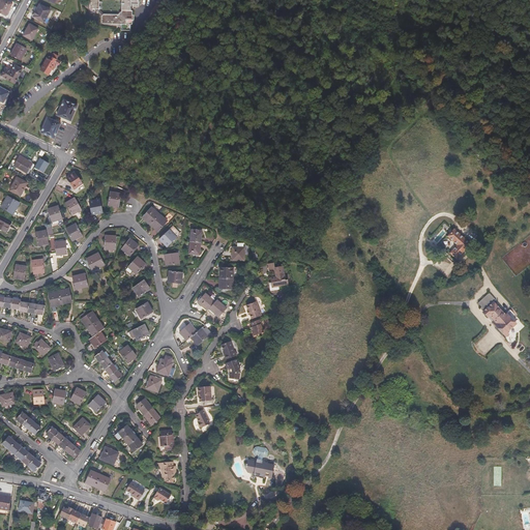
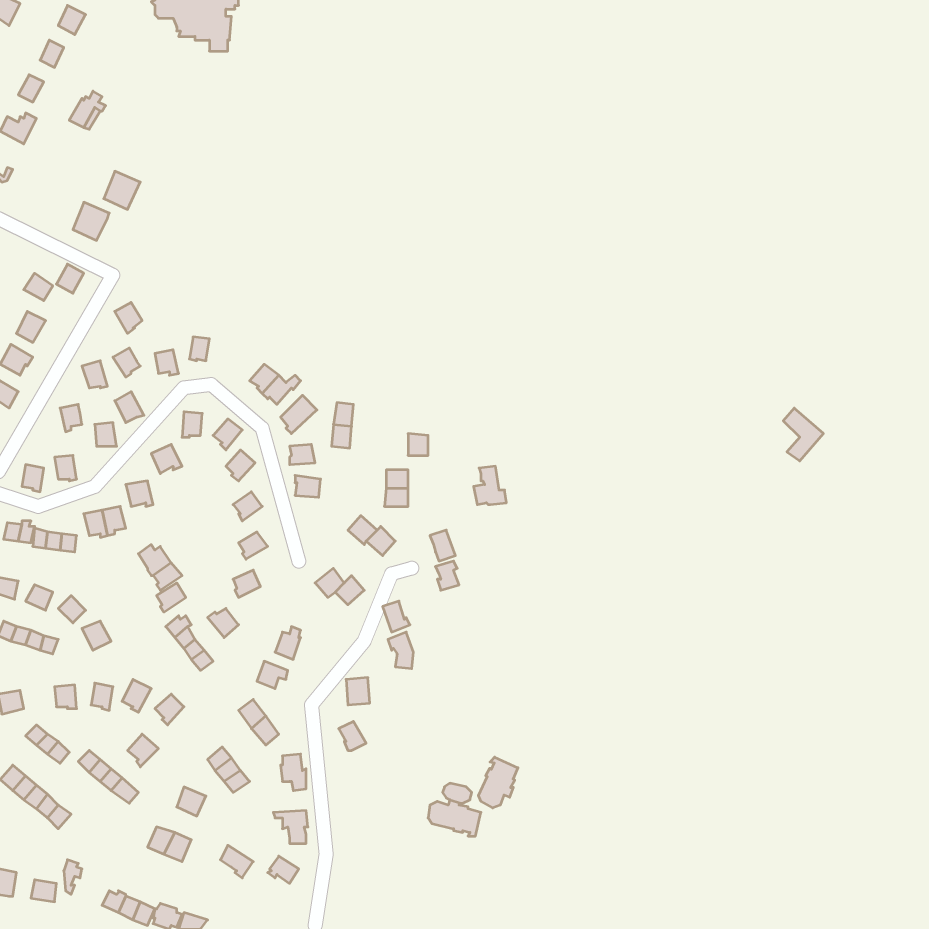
building: [477,293,524,343] -> none
building: none -> [478,757,518,808]

